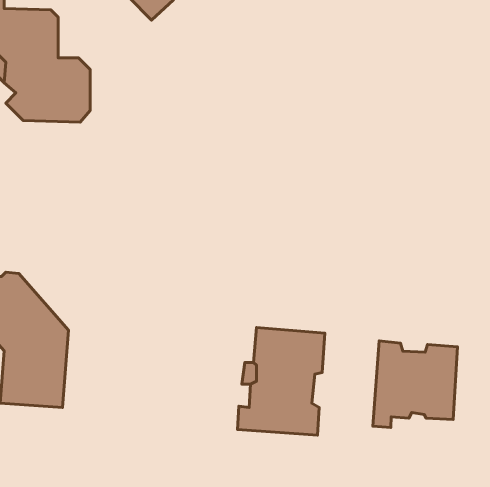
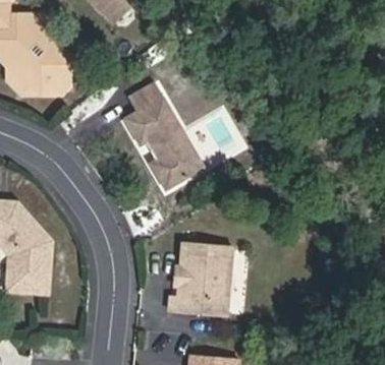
building: none -> [121,82,203,190]
building: [373,341,458,428] -> none

